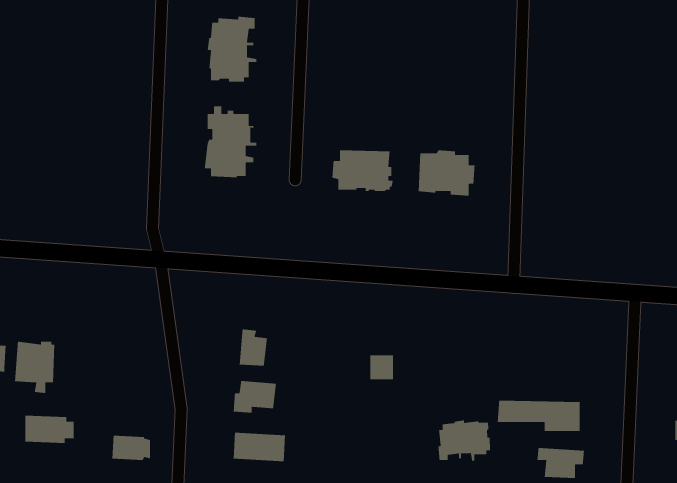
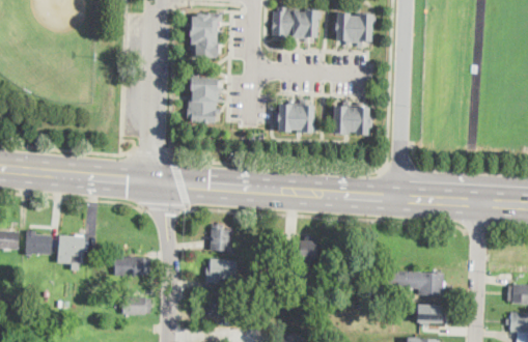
building: none -> [272,5,321,41]
building: none -> [335,12,374,46]
building: [25,415,75,444] -> [115,257,149,277]
building: [437,420,491,461] -> none

